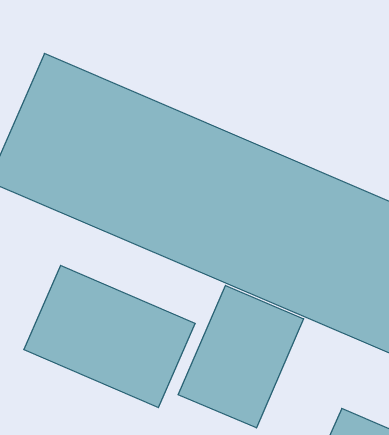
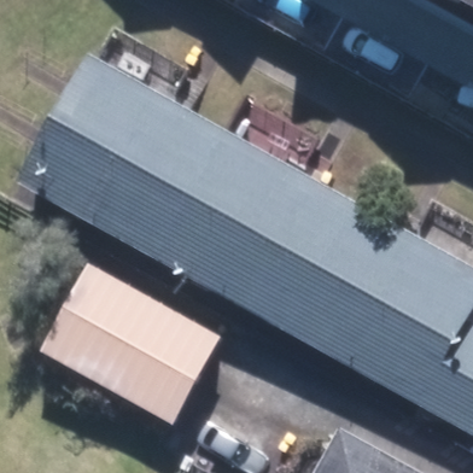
building: [178,285,304,428] -> none

